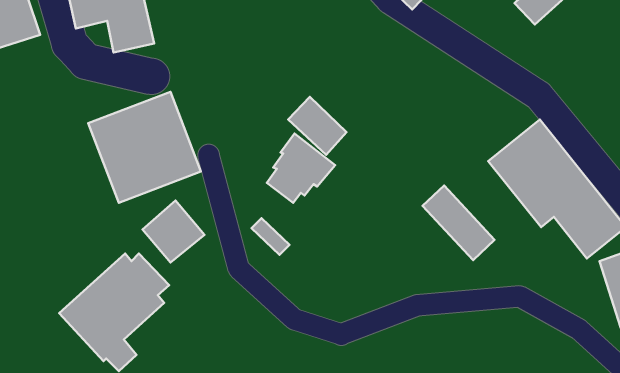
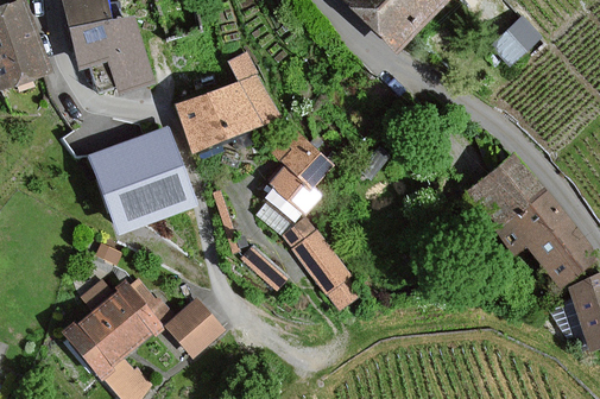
building: none -> [176,51,278,151]
building: [423,186,495,260] -> [285,222,353,292]
building: [143,201,205,263] -> [166,298,225,356]

